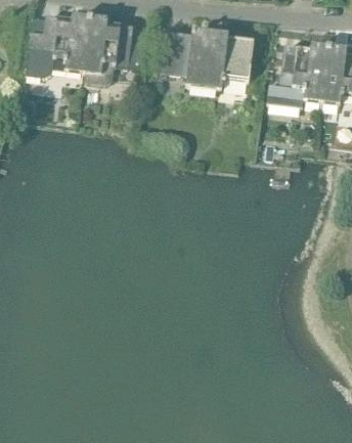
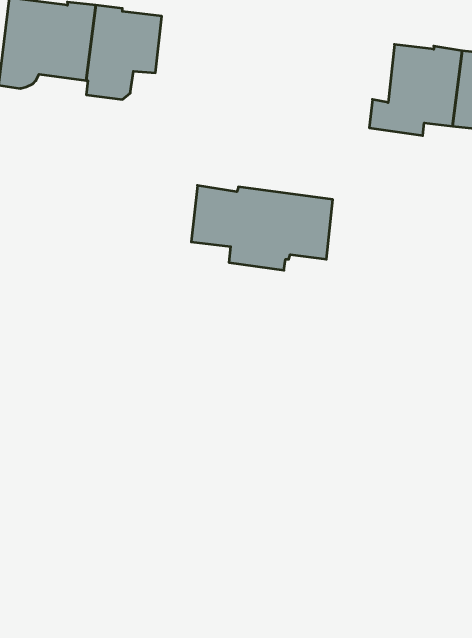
building: [162,33,254,88] -> [191,185,333,270]

